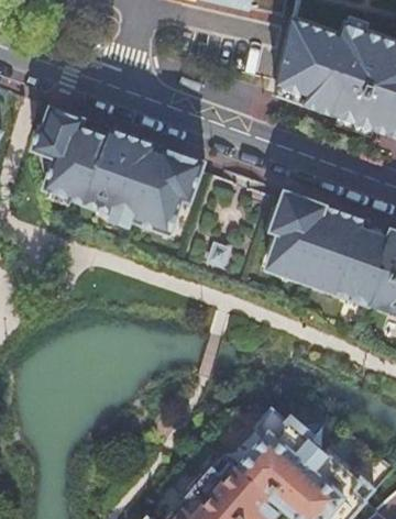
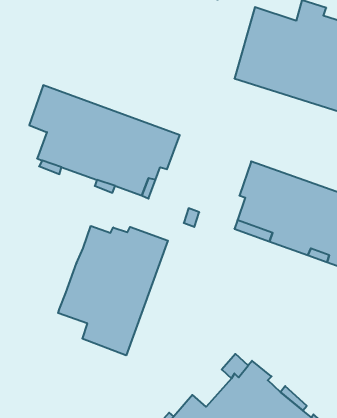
building: none -> [58,226,168,355]

